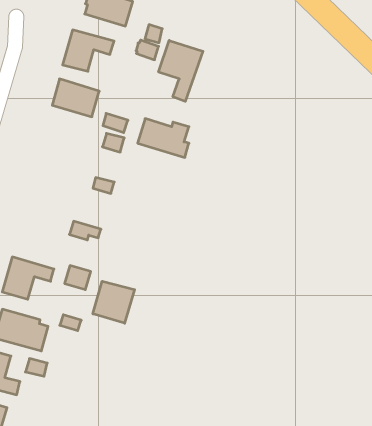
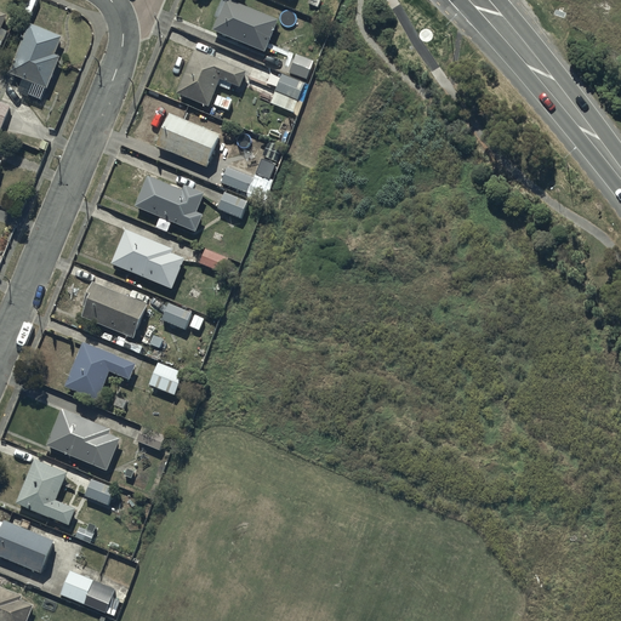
building: [159,40,203,101] -> none
building: [138,119,189,157] -> [135,176,205,233]
building: none -> [110,229,183,289]
building: none -> [81,283,147,338]
building: [93,281,135,323] -> none

